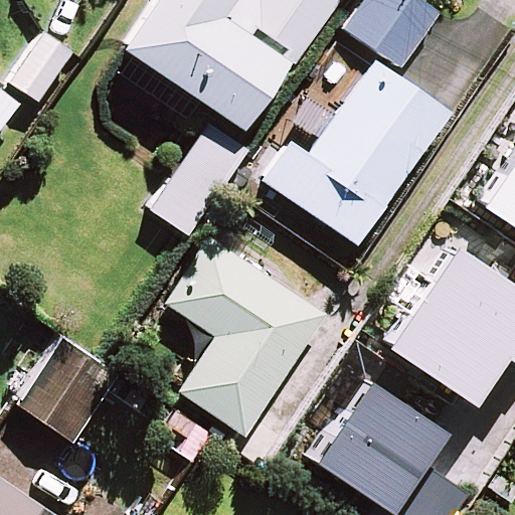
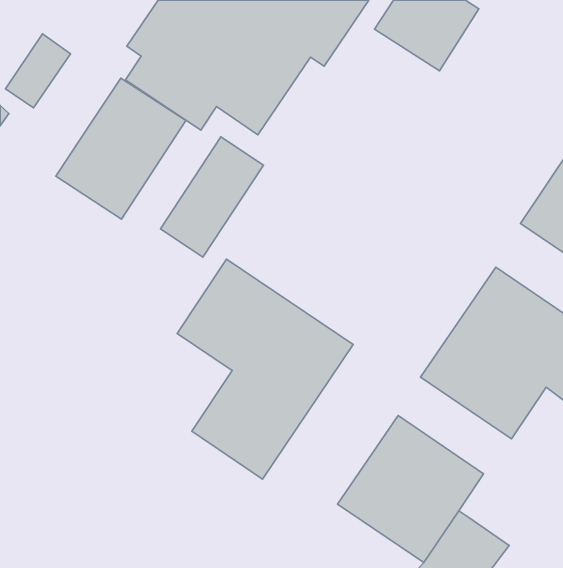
building: [264,60,447,243] -> none
building: none -> [56,78,186,219]
building: [21,339,114,439] -> none

